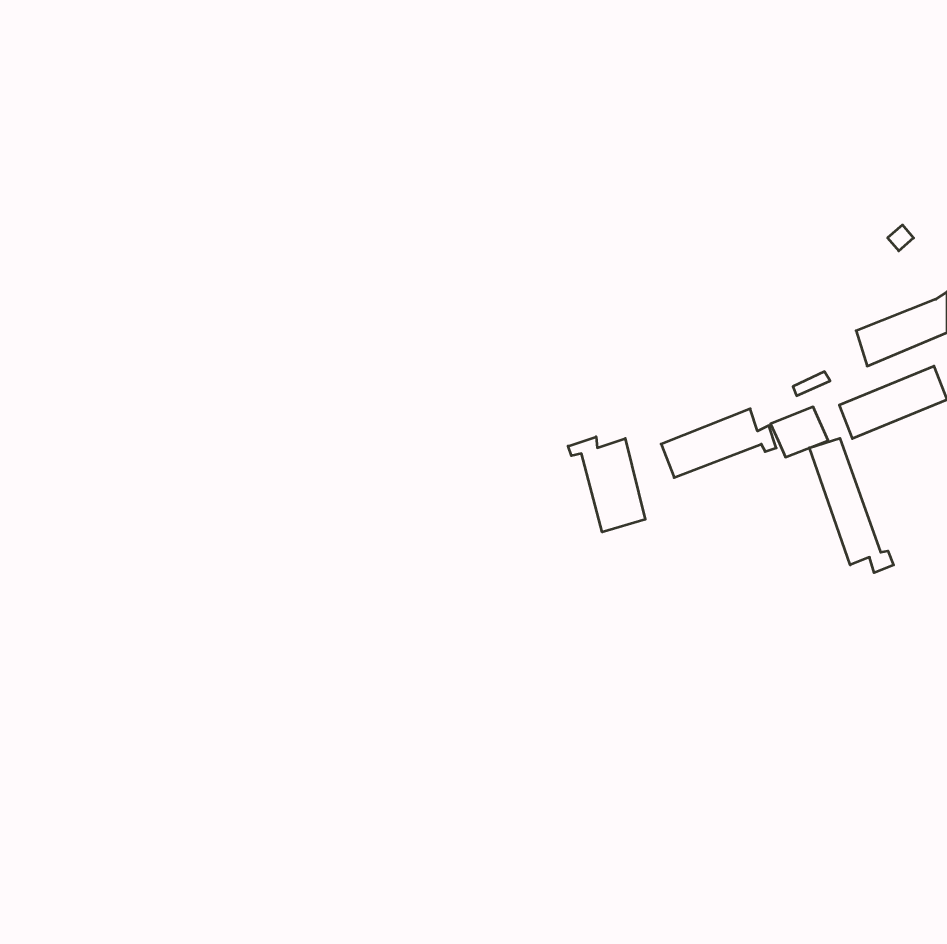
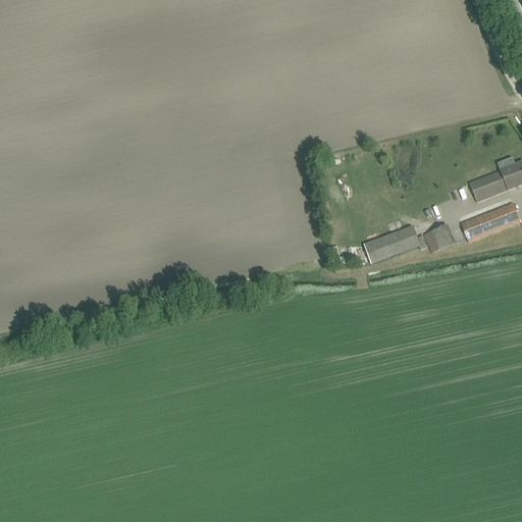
building: [568,437,645,532] -> none
building: [809,438,894,573] -> none

